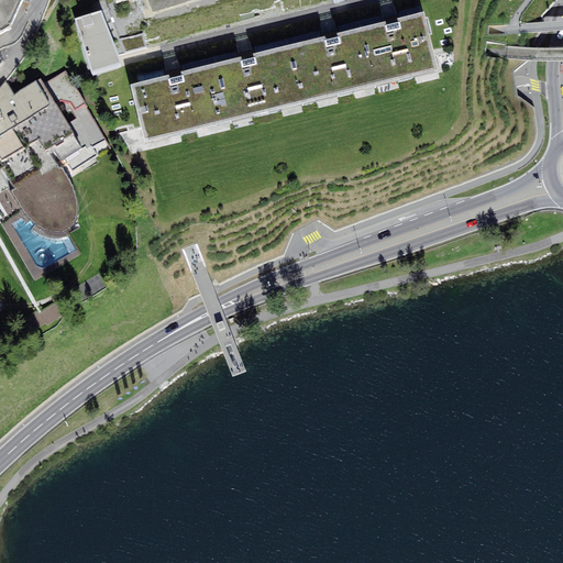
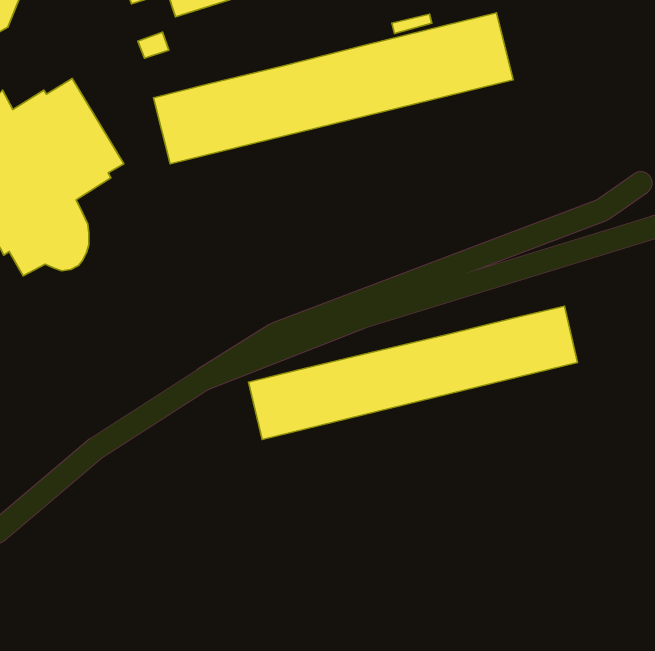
building: [71,5,119,73] -> none
building: none -> [249,306,578,439]

